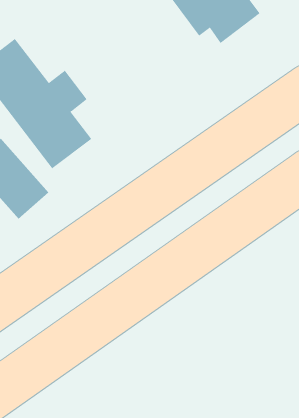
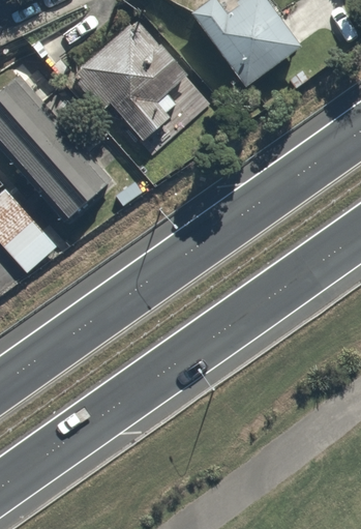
building: none -> [72,35,193,142]

